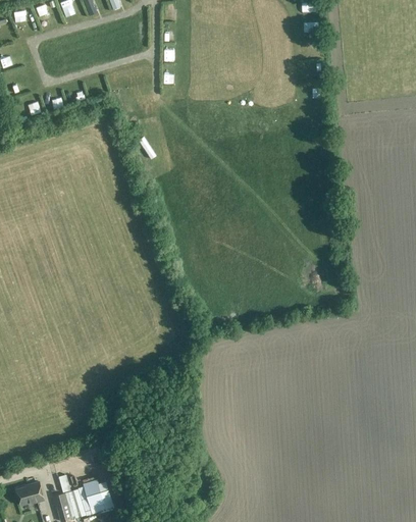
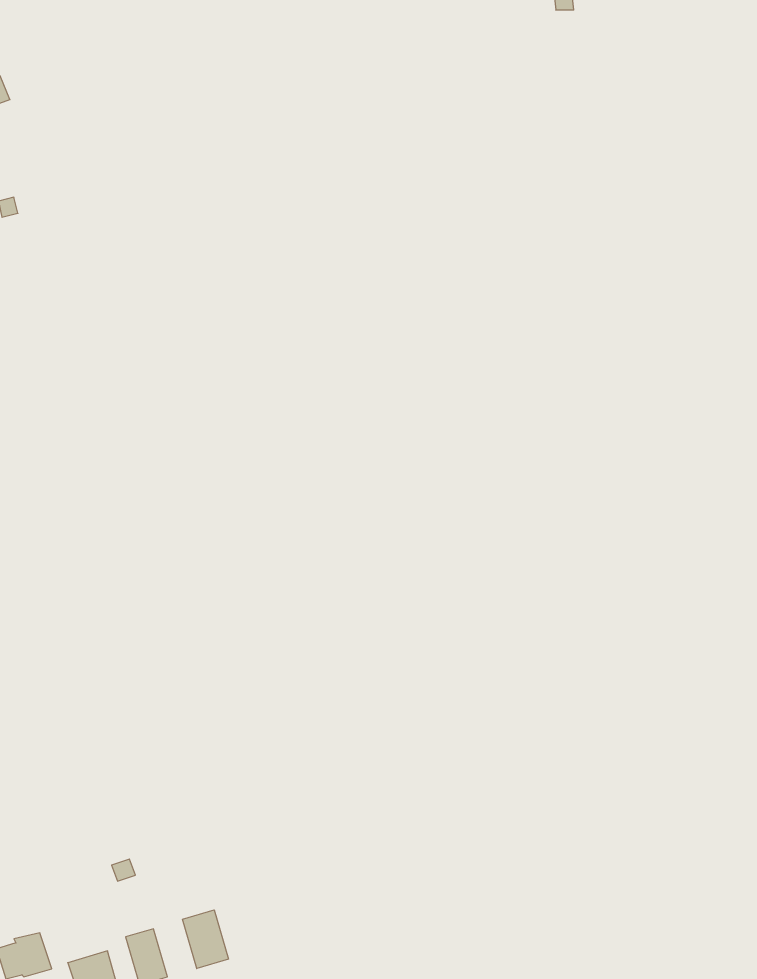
building: none -> [182,910,228,969]

